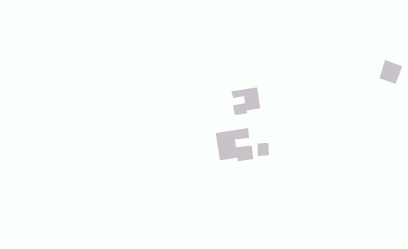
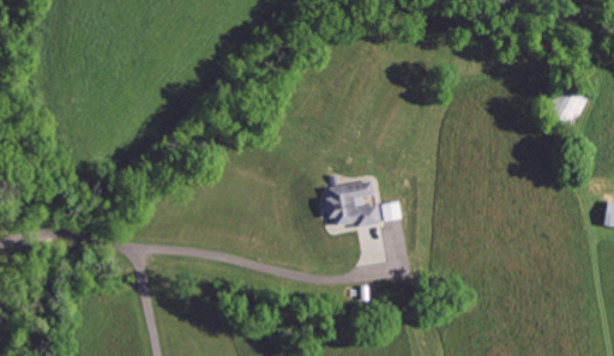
building: [231,87,261,116] -> none

